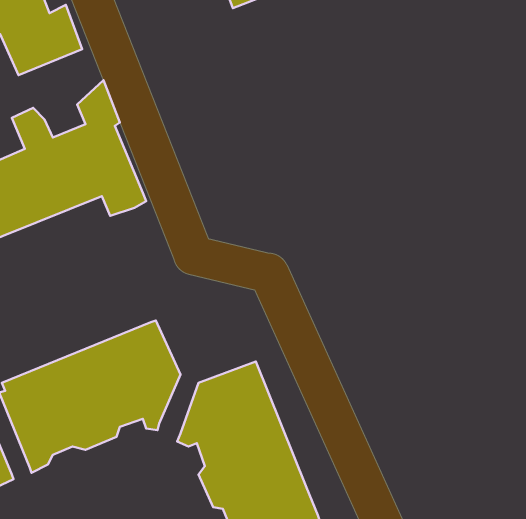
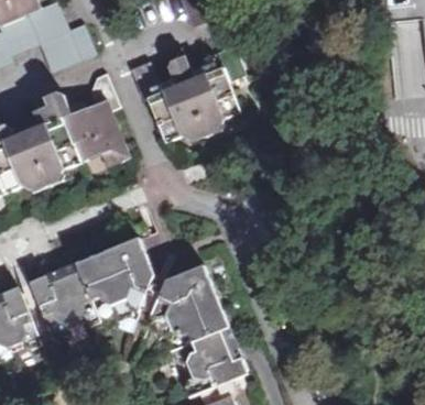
building: none -> [133,41,246,140]

